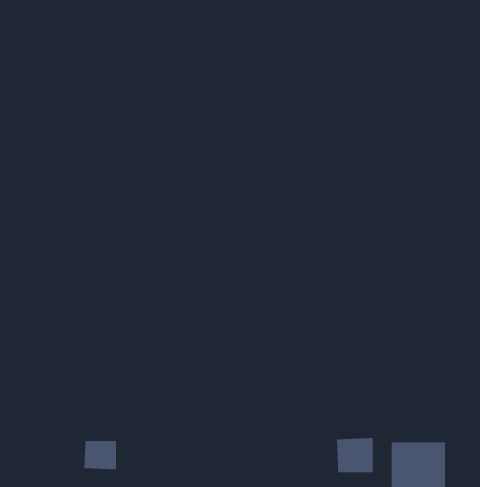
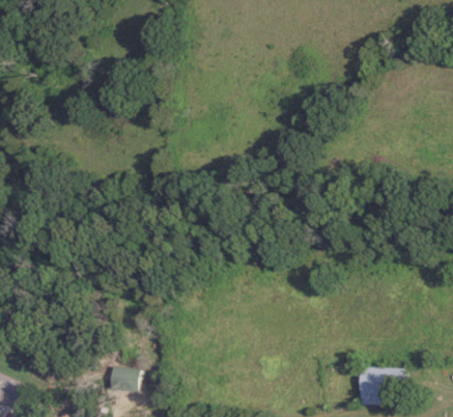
building: [336,437,373,473] -> none

